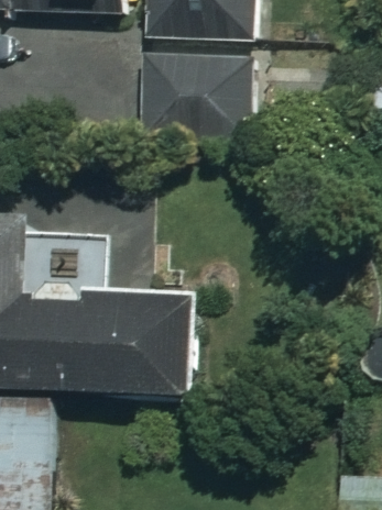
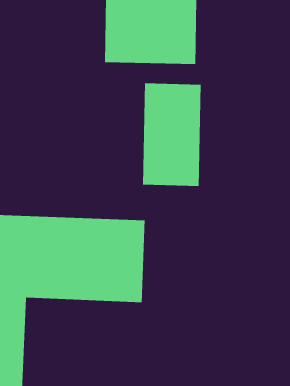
building: none -> [142,82,202,187]

